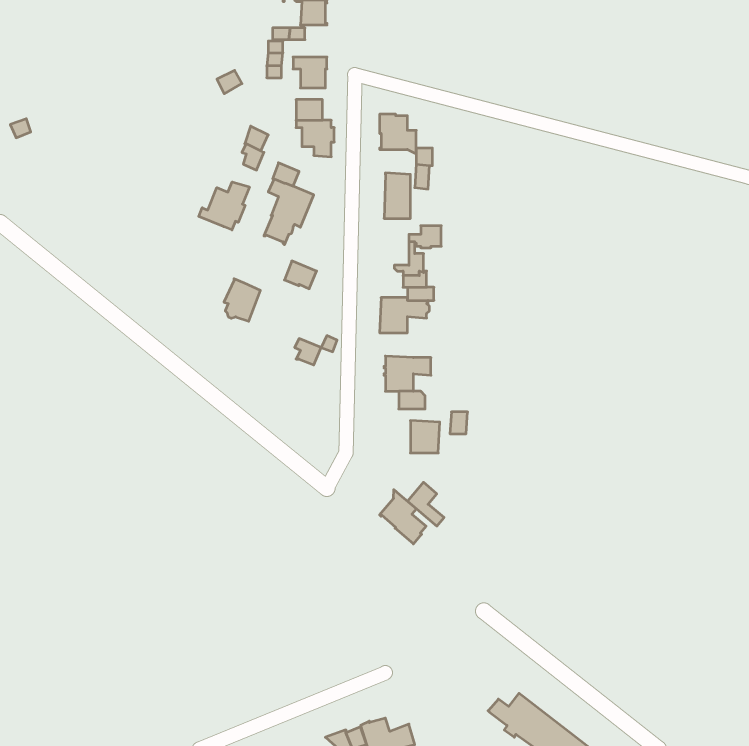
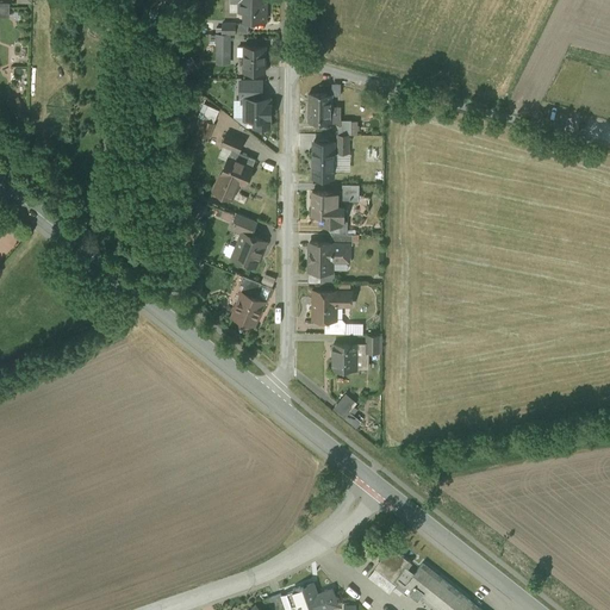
building: [199,182,249,230] -> none
building: none -> [312,193,332,218]
building: [224,279,260,321] -> [235,234,264,268]
building: none -> [232,294,263,328]
building: [380,490,426,544] -> none
building: none -> [376,550,410,584]

